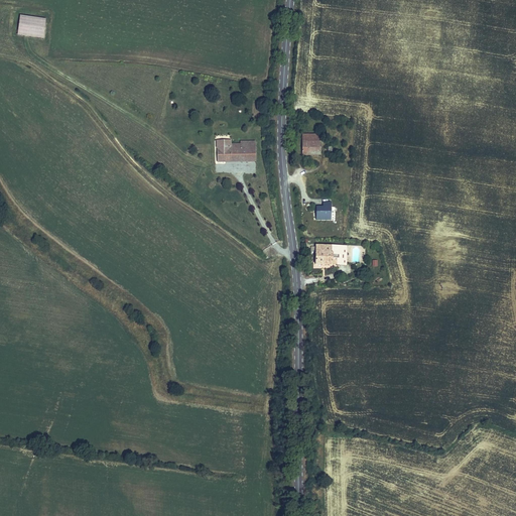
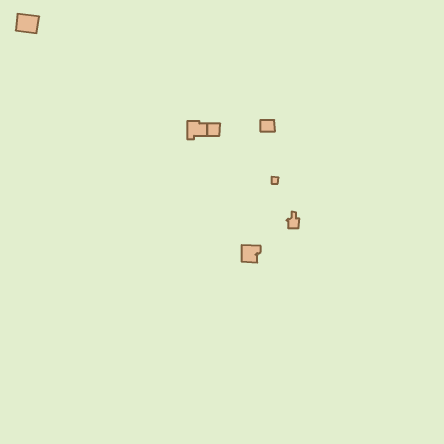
building: [316,244,339,264] -> [242,245,261,263]

